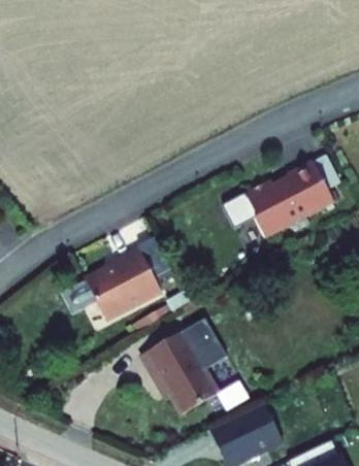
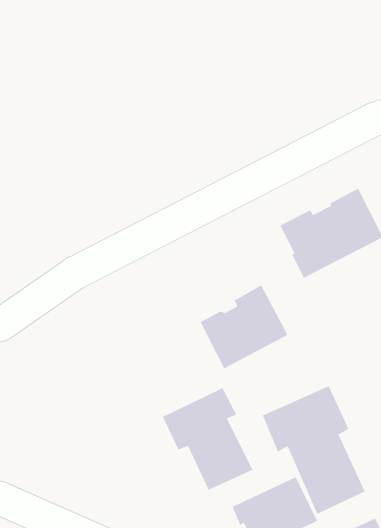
building: [91,248,166,321] -> [199,284,289,369]
building: none -> [262,385,366,515]

